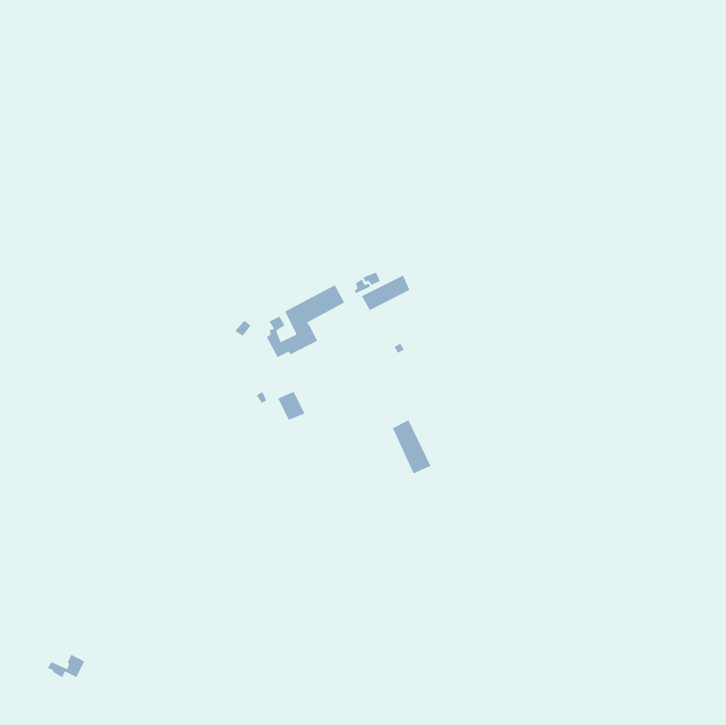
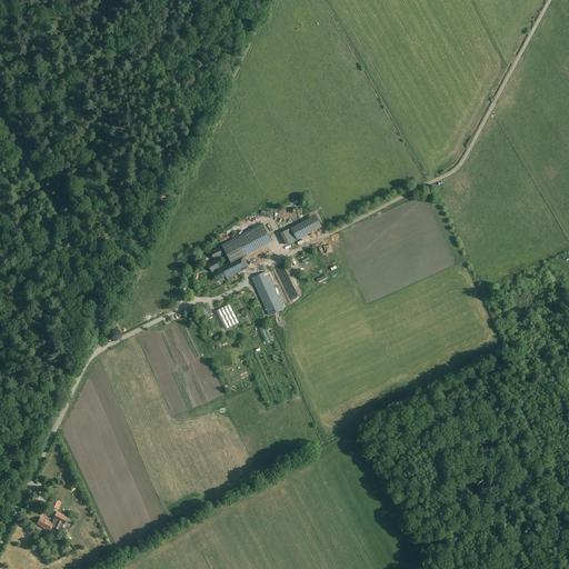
building: [392,419,432,475] -> [252,271,283,315]

